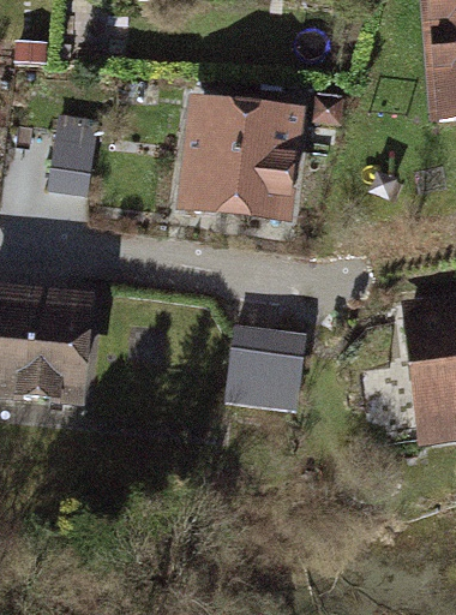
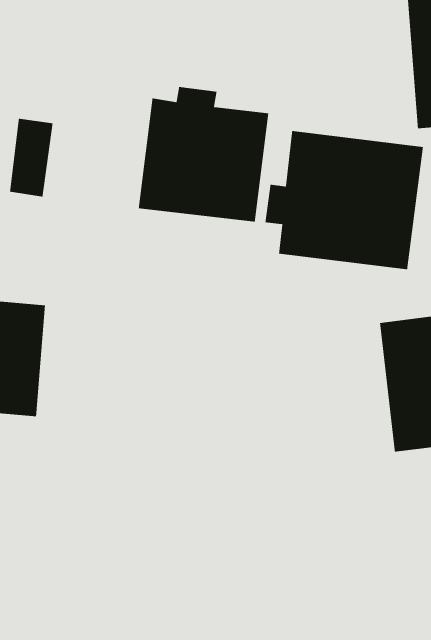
building: none -> [265,130,424,270]
building: [224,330,300,410] -> none

